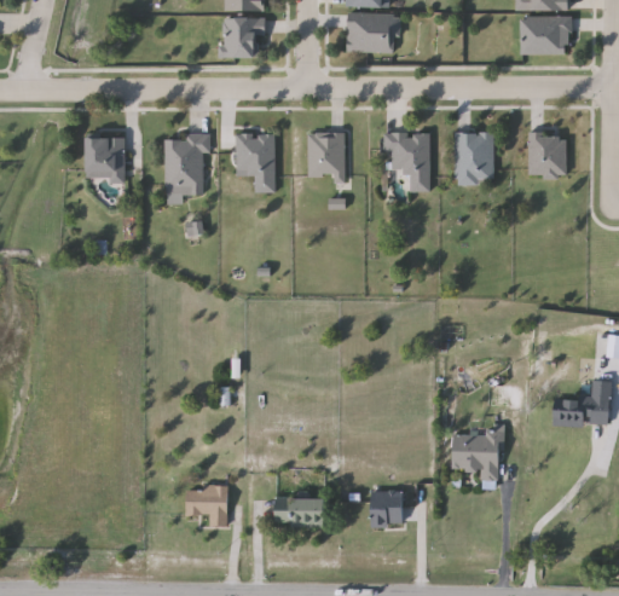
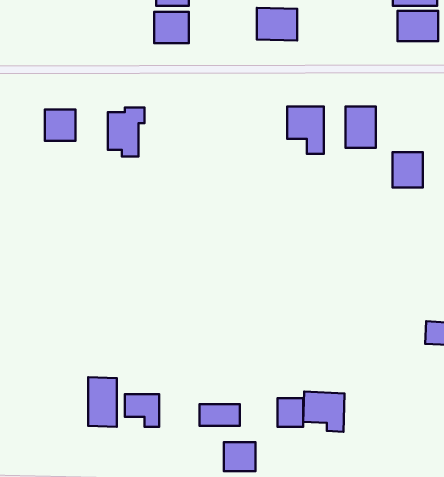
building: [236,133,273,193] -> none
building: [307,133,343,178] -> none
building: [528,133,566,177] -> [392,152,423,188]
building: [451,432,502,481] -> [303,391,345,432]
building: none -> [88,377,117,427]
building: none -> [224,442,255,471]

